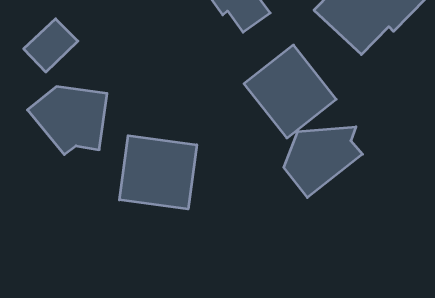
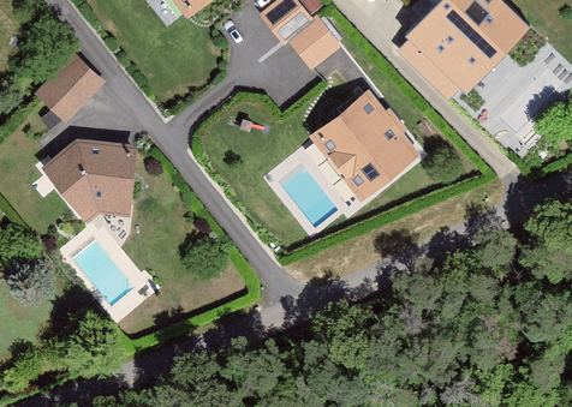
building: [284,127,363,198] -> none
building: [119,136,197,209] -> none

